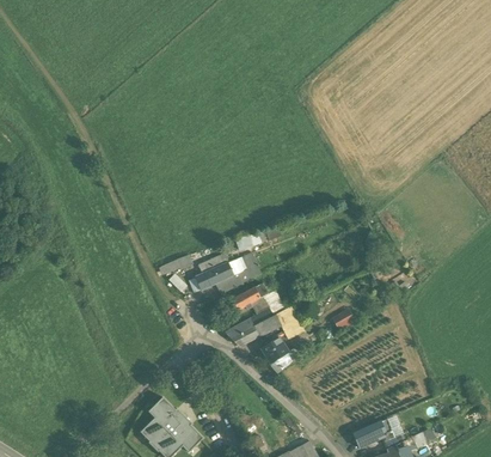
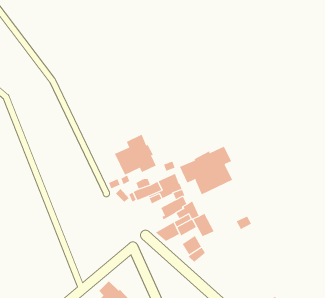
building: none -> [114,134,157,175]
building: none -> [179,146,233,195]

